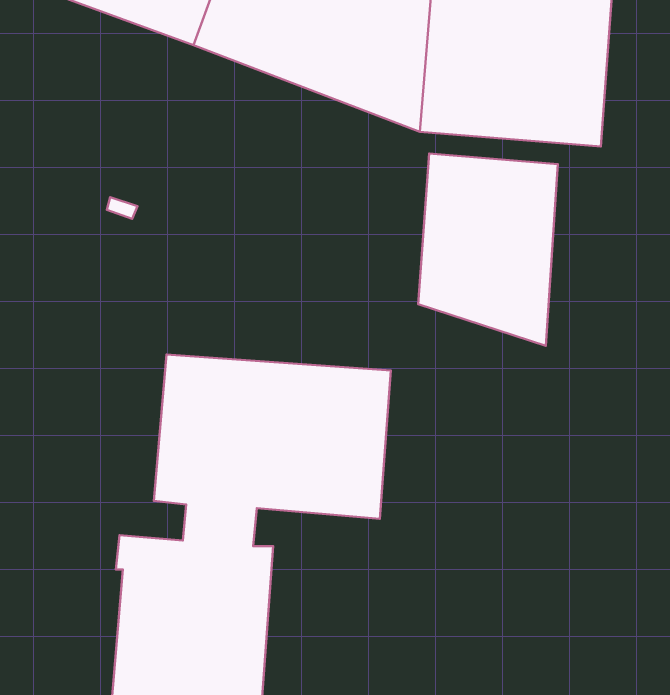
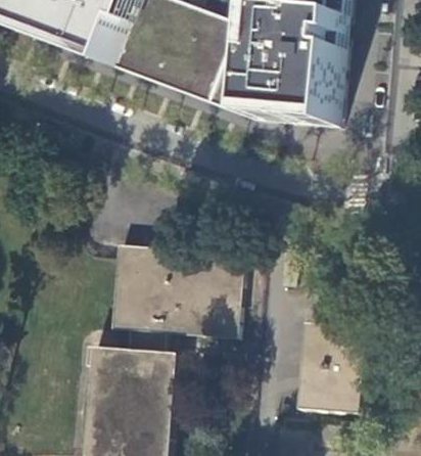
building: [418,154,558,346] -> none
building: none -> [295,322,363,413]

